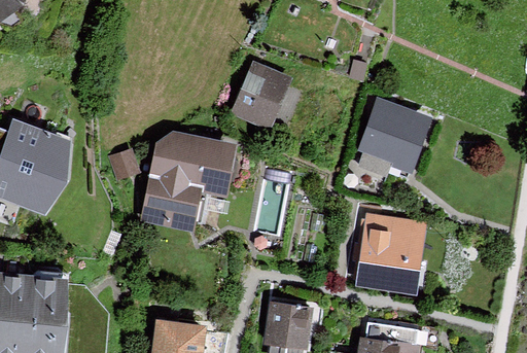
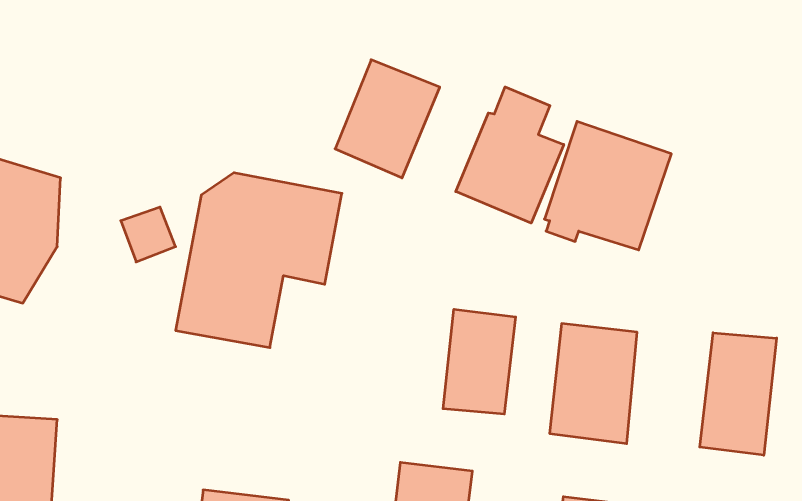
building: none -> [456,87,564,223]
building: none -> [443,309,516,414]
building: none -> [700,333,777,455]

